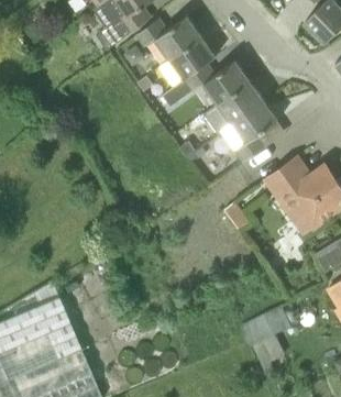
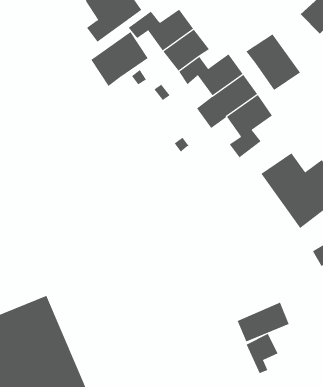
building: none -> [91,31,148,87]
building: none -> [245,33,301,91]

